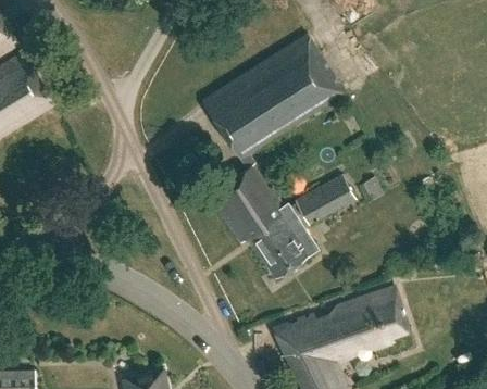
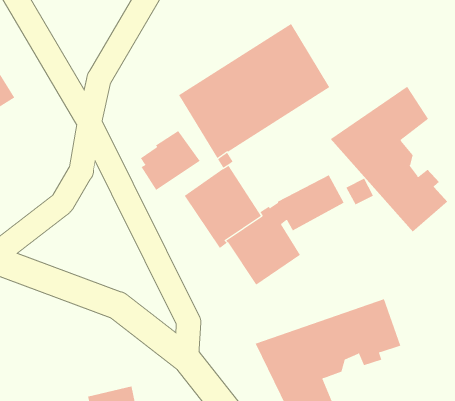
building: none -> [330,86,448,233]
building: none -> [140,130,200,191]

